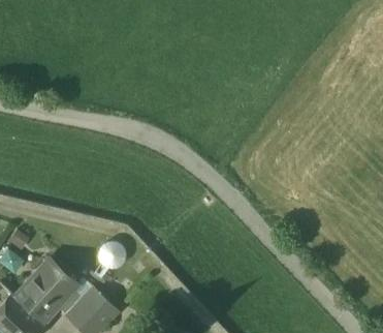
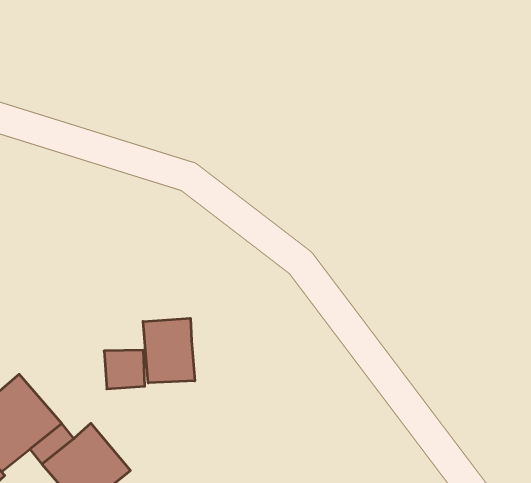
building: none -> [143,318,195,383]

